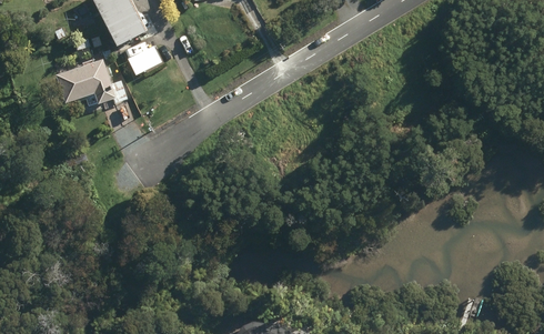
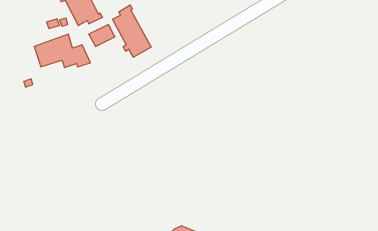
building: none -> [113,5,151,57]

